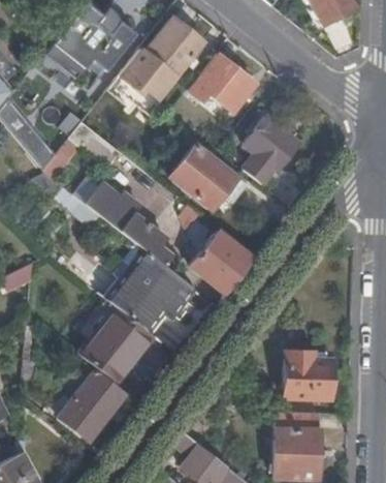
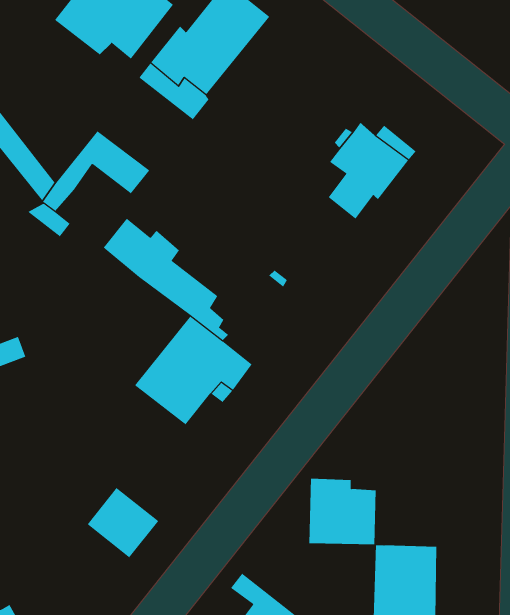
building: [186,52,254,111] -> none
building: [170,145,236,210] -> none
building: [191,230,253,295] -> none
building: [79,299,153,383] -> none
building: [284,352,331,398] -> [309,478,377,545]
building: [59,397,104,441] -> none

